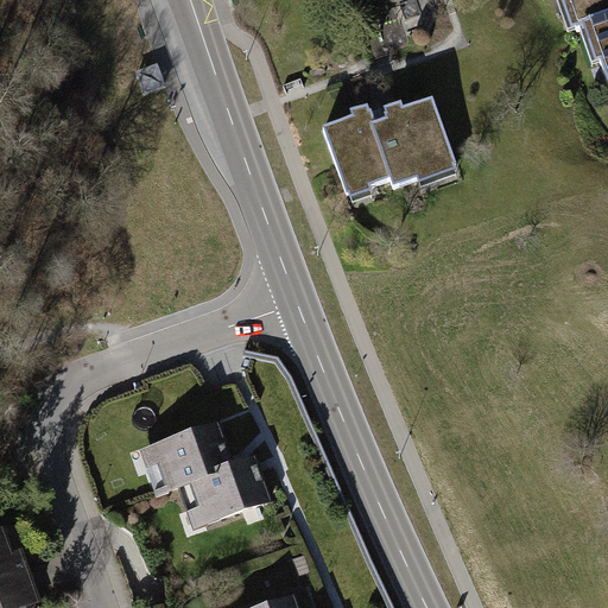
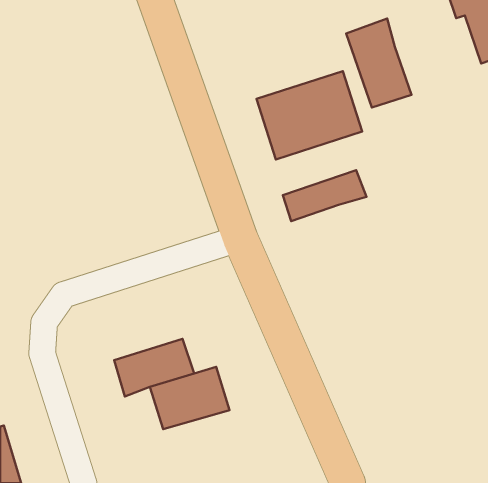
building: none -> [346,18,412,108]
building: none -> [283,170,367,221]

